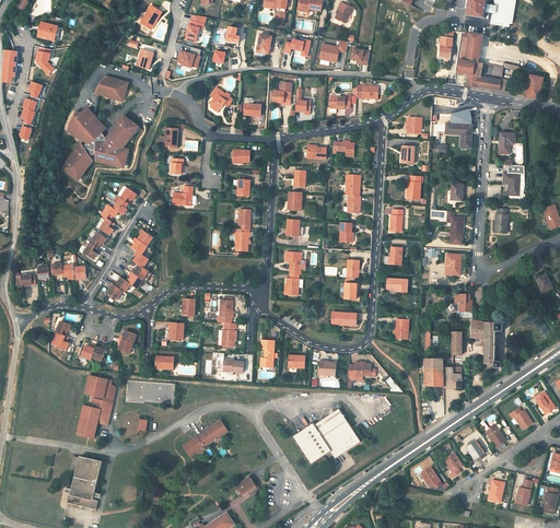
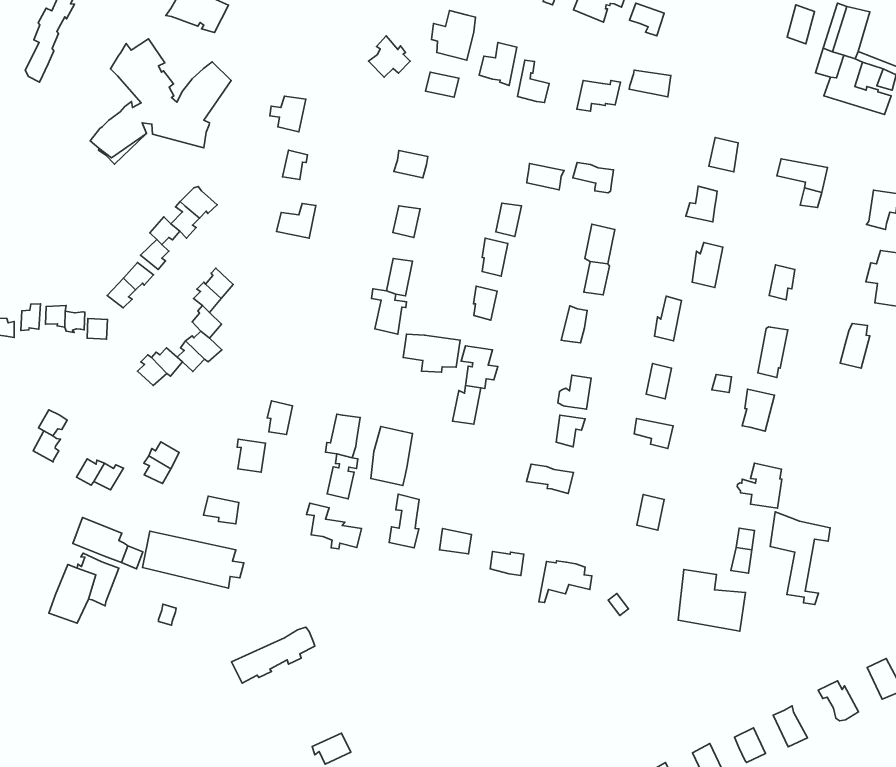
building: none -> [432,11,475,60]
building: none -> [403,334,460,372]
building: none -> [371,426,413,486]
building: [292,409,360,465] -> none
building: [63,457,101,509] -> none

